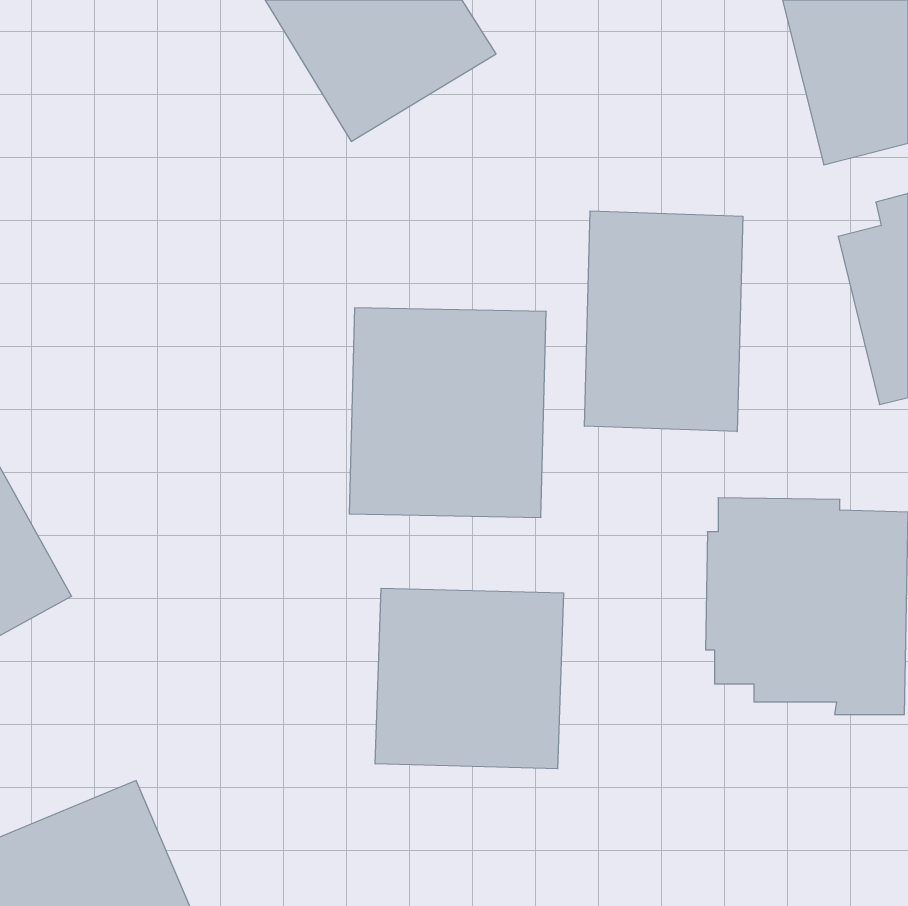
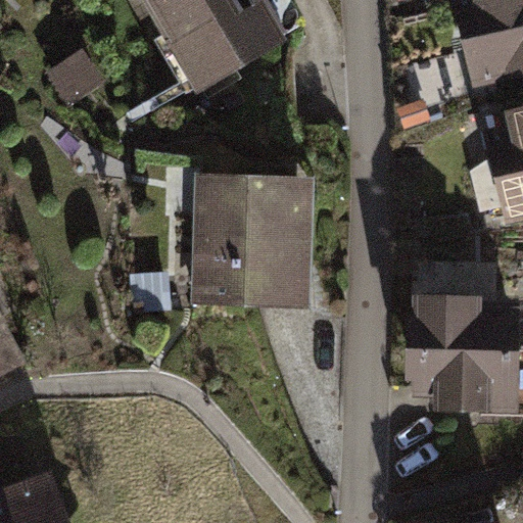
building: [584,211,743,432] -> none
building: [375,588,563,769] -> none

